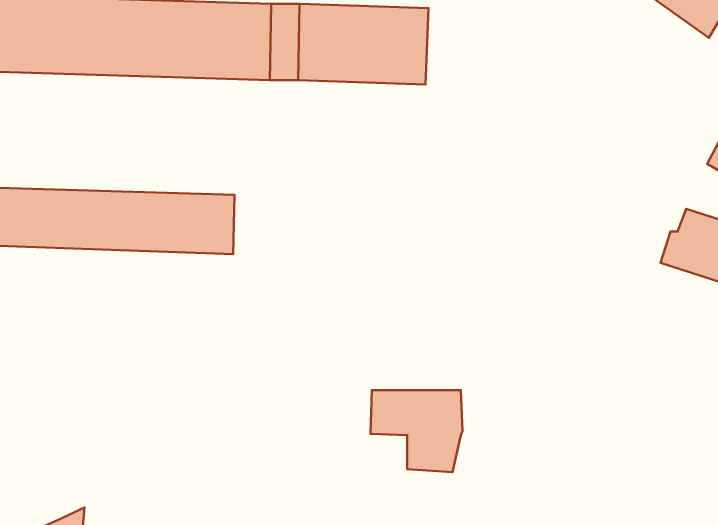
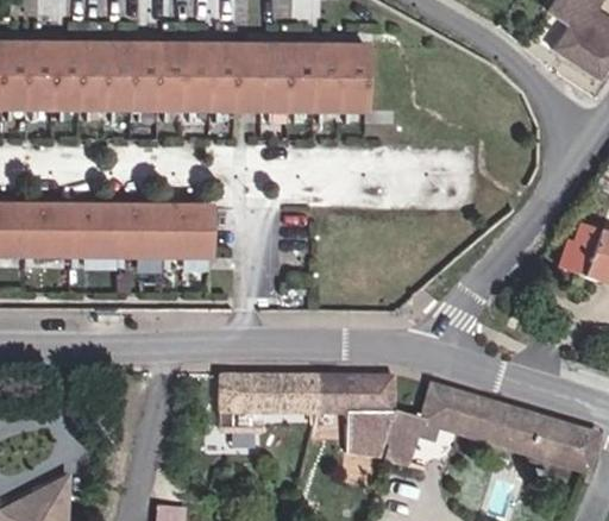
building: none -> [218,372,316,431]
building: none -> [381,381,597,470]

